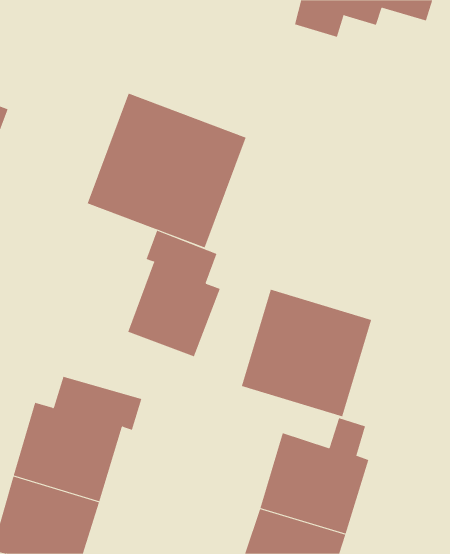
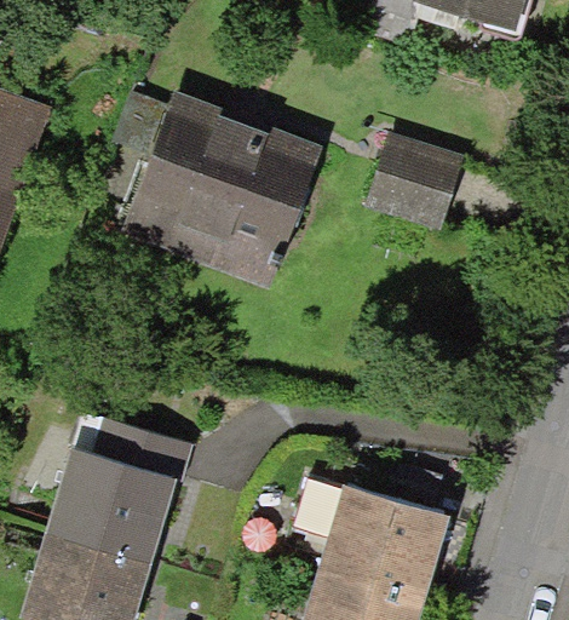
building: none -> [367,139,460,225]
building: [128,230,220,357] -> none
building: [241,289,372,417] -> none

